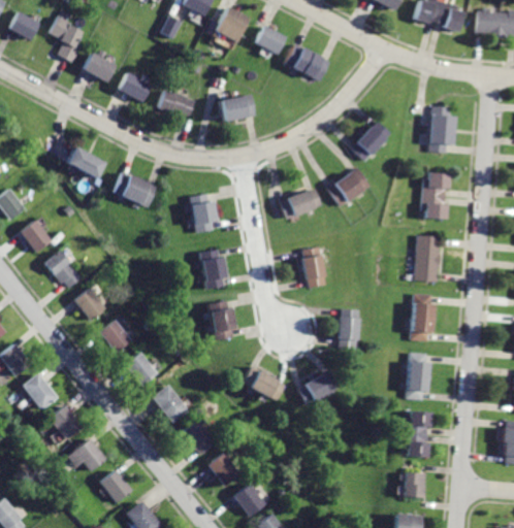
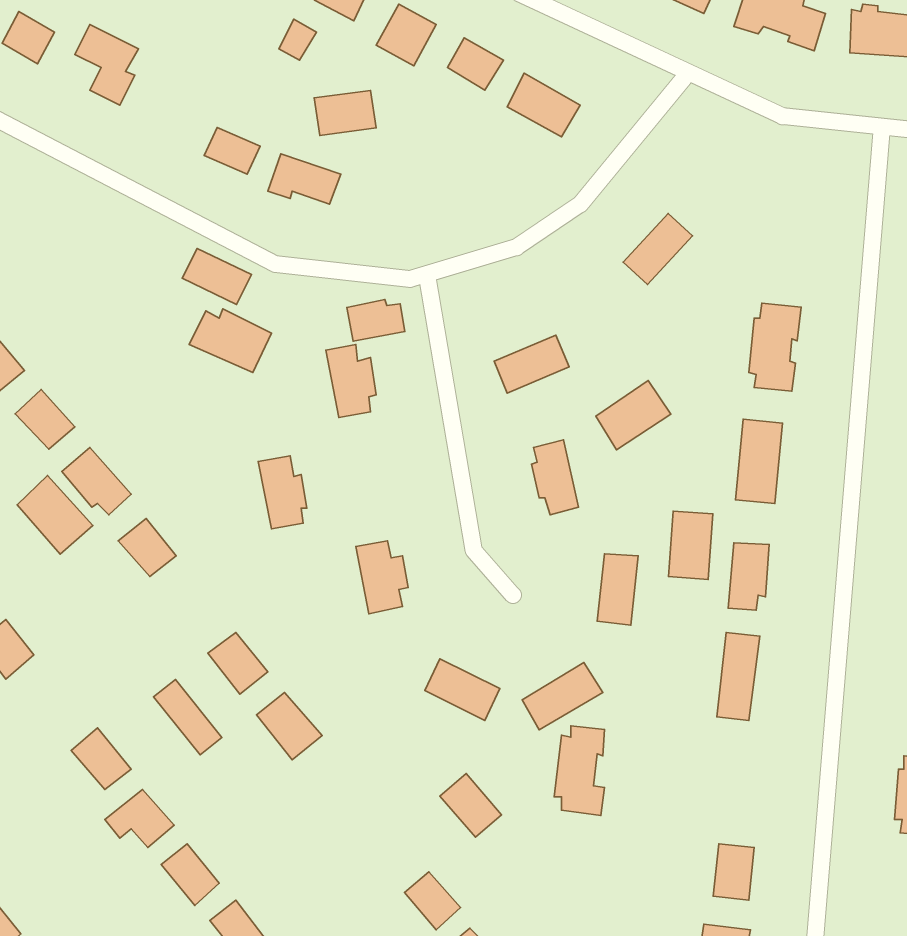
building: [84,52,118,82] -> none
building: [222,96,256,121] -> [314,90,376,135]
building: [430,116,453,153] -> none
building: [66,148,104,179] -> [182,248,251,304]
building: none -> [347,299,405,341]
building: [328,169,370,207] -> [596,381,671,450]
building: [199,249,226,289] -> [258,456,307,529]
building: none -> [17,475,93,554]
building: none -> [669,511,713,579]
building: [99,321,130,353] -> none
building: [21,373,56,410] -> none
building: none -> [154,679,222,755]
building: [401,410,429,460] -> [554,726,605,816]
building: [181,421,212,454] -> none
building: [203,452,237,487] -> [440,774,502,837]

